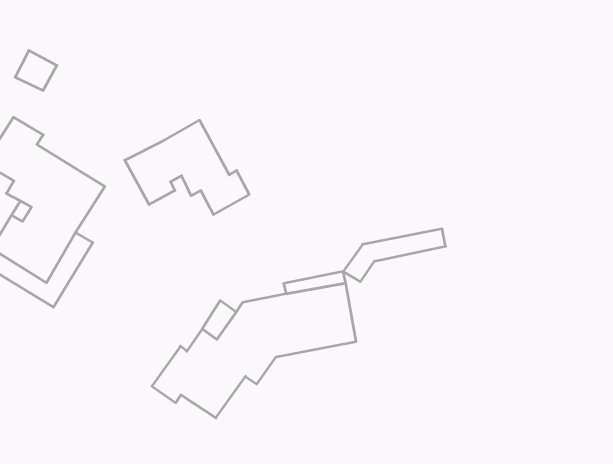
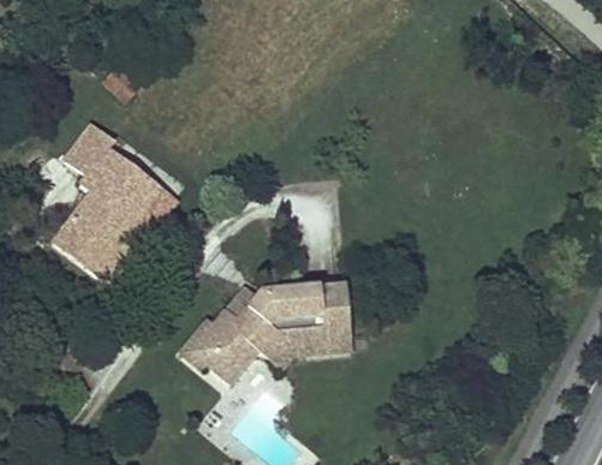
building: [125,120,249,215] -> none
building: [343,229,446,282] -> [267,333,352,369]

